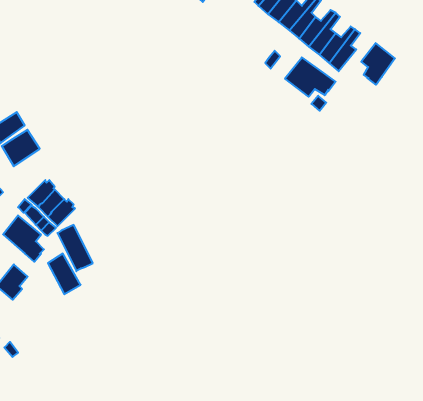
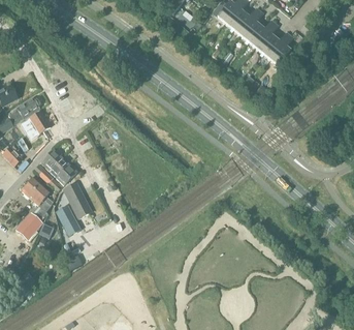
building: [361,43,395,85] -> none
building: [285,57,336,97] -> none

